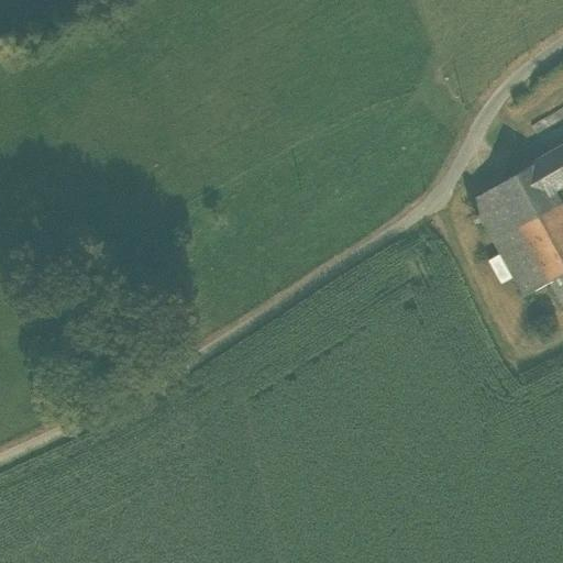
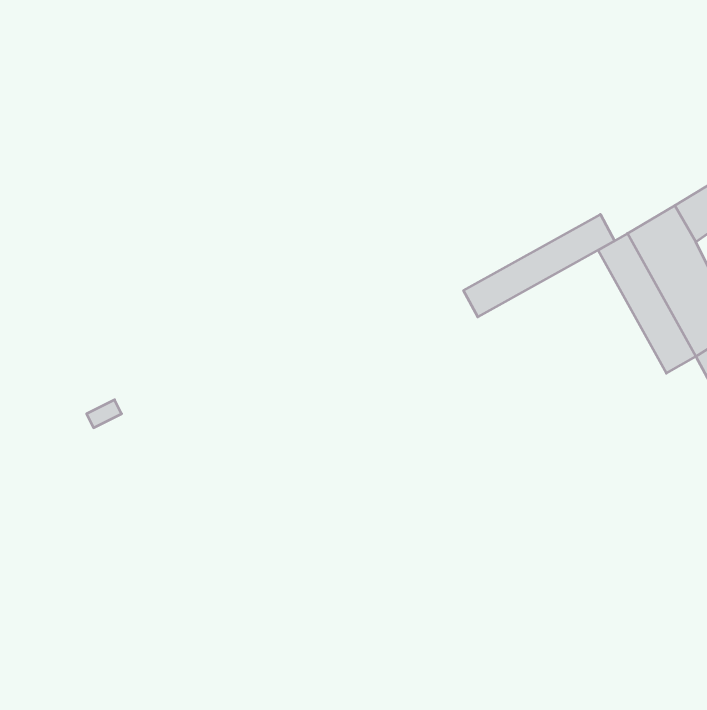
building: none -> [464,214,615,317]

